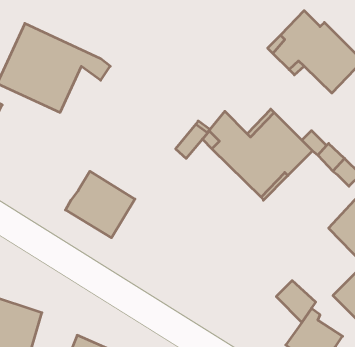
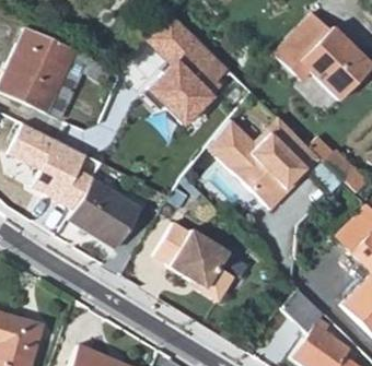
building: none -> [147,14,232,131]
building: none -> [9,122,94,208]
building: none -> [155,222,234,302]

